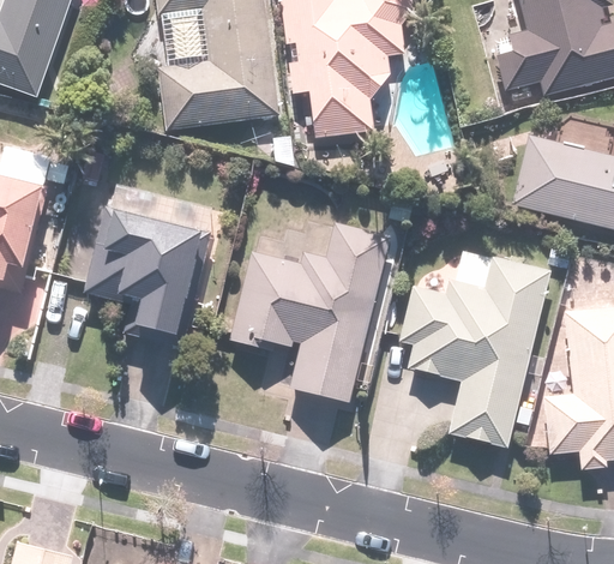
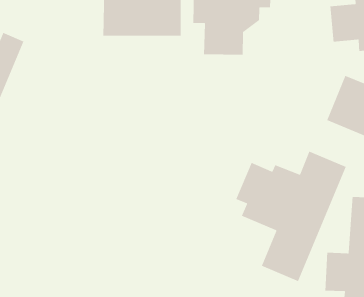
building: [84,208,204,349] -> none
building: [228,223,389,401] -> none

